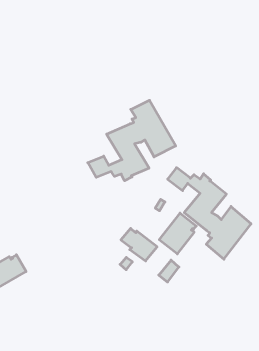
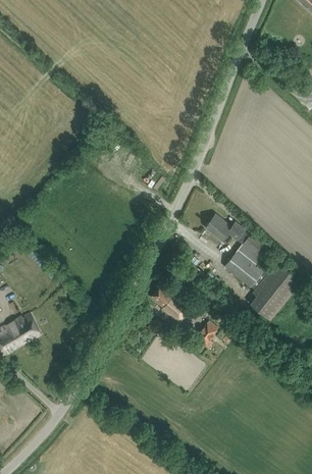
building: [88,100,176,181] -> none
building: [159,213,196,254] -> none

